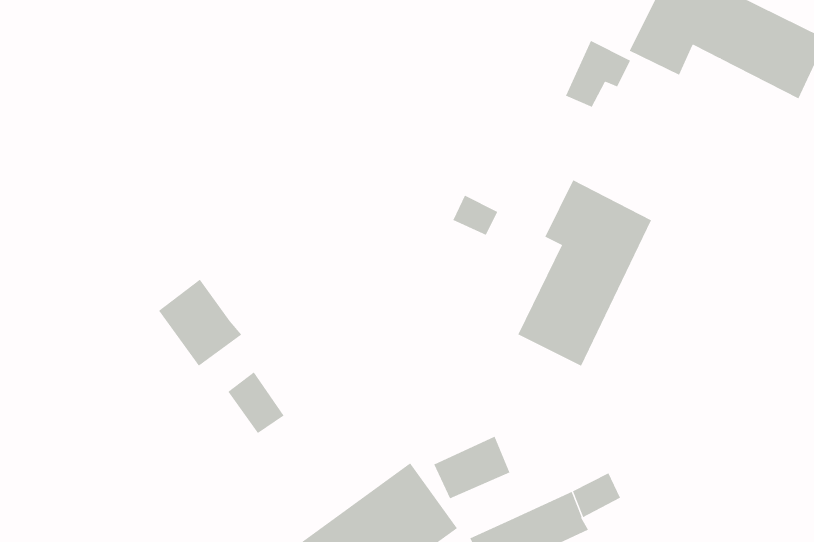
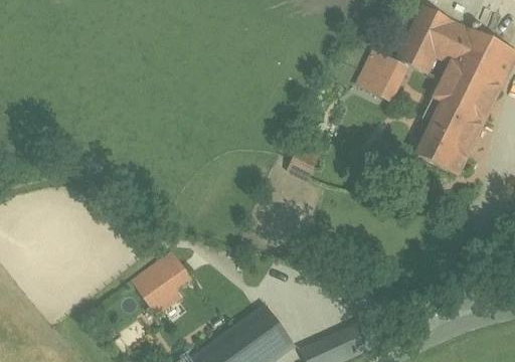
building: [517,180,652,366] -> [417,62,498,174]
building: [158,279,242,366] -> [131,261,181,314]
building: [433,436,510,499] -> none

